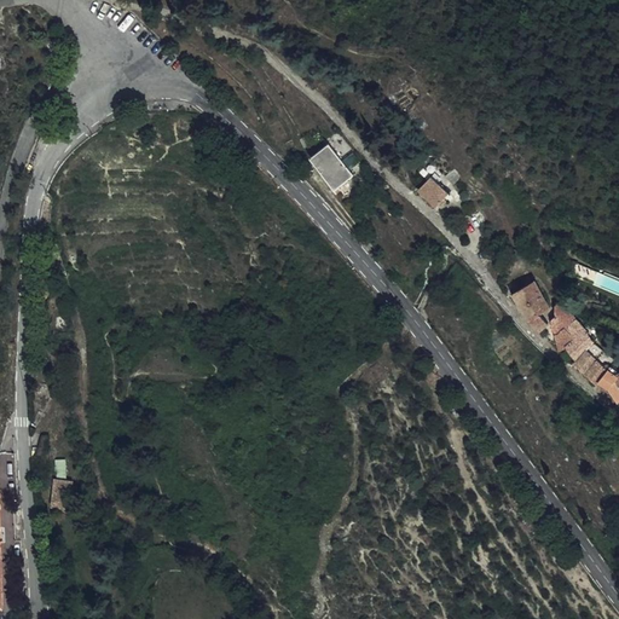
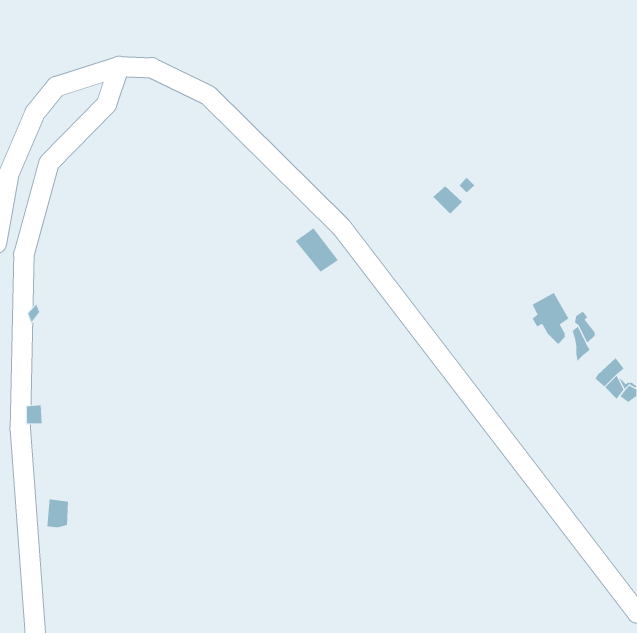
building: [310,146,352,190] -> [295,228,339,273]
building: [562,324,594,361] -> none

